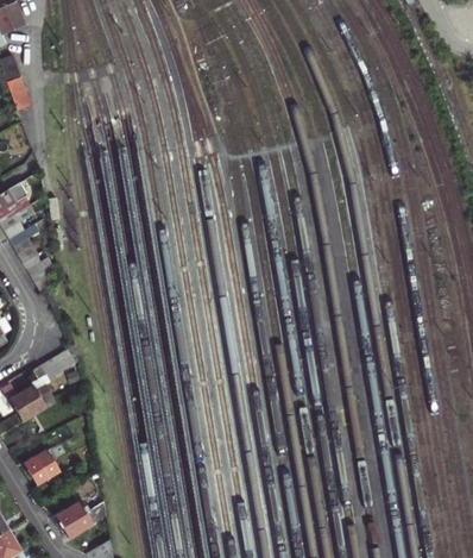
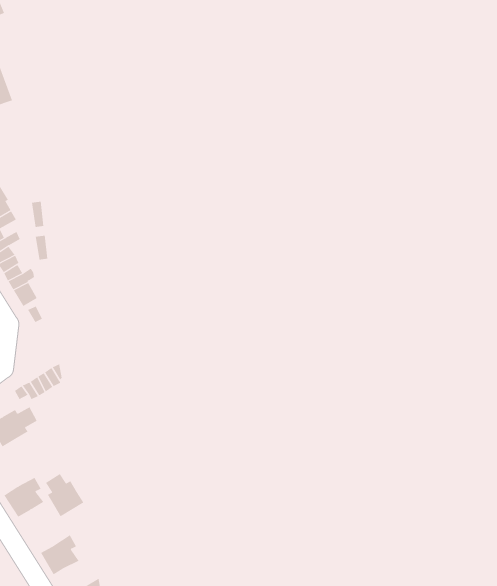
building: none -> [45,473,84,517]

